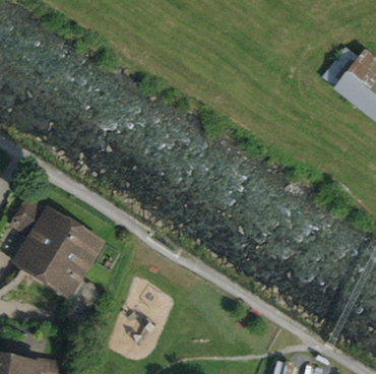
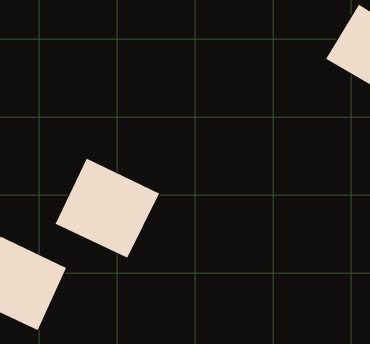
building: none -> [55,158,160,259]

